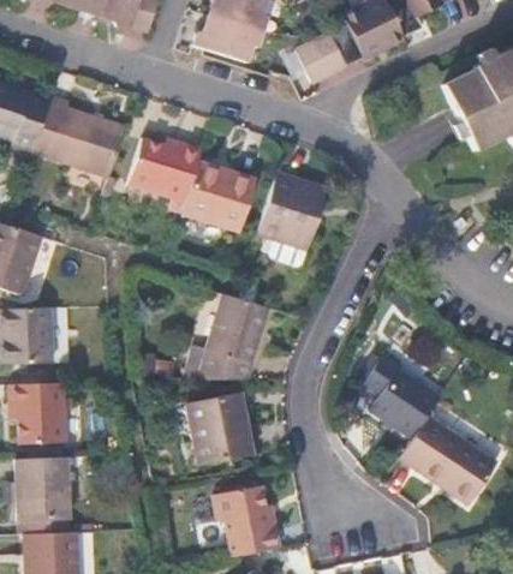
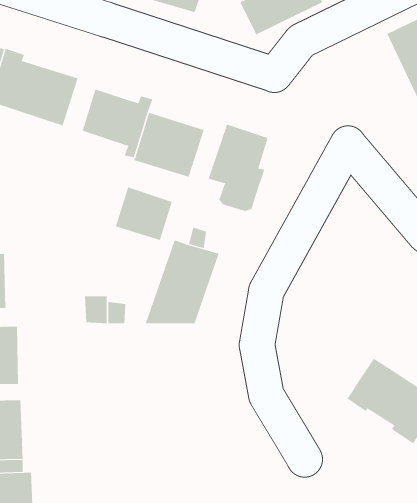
building: none -> [115,186,173,241]
building: [360,352,442,437] -> none
building: [191,391,252,465] -> none
building: [215,488,280,557] -> none

